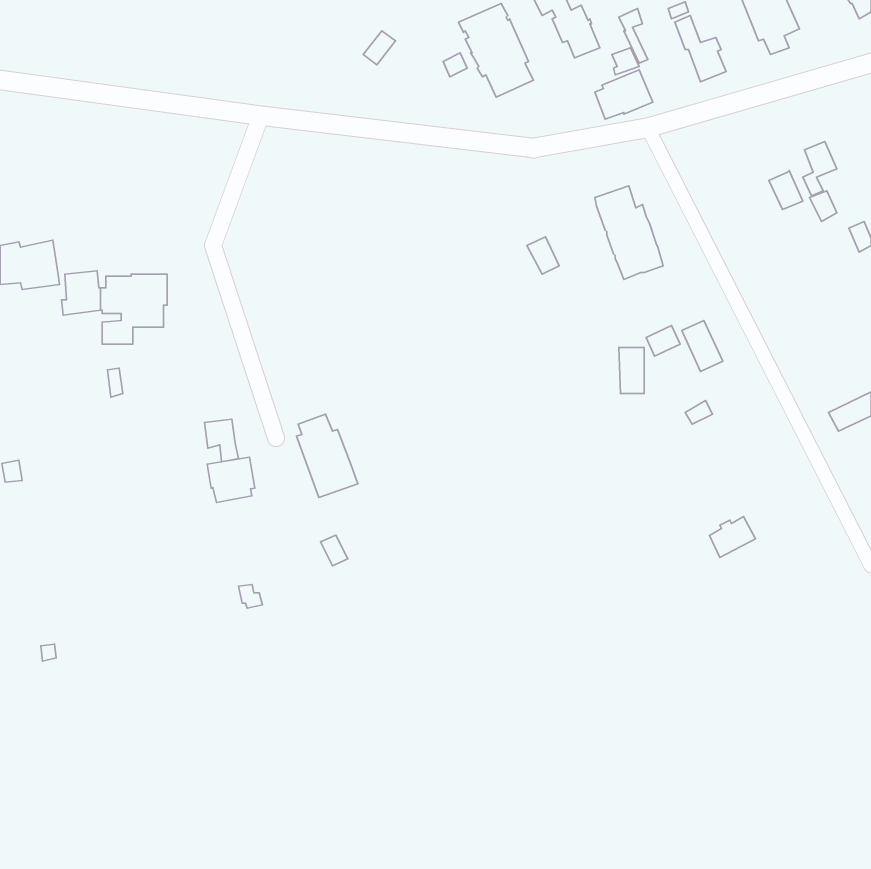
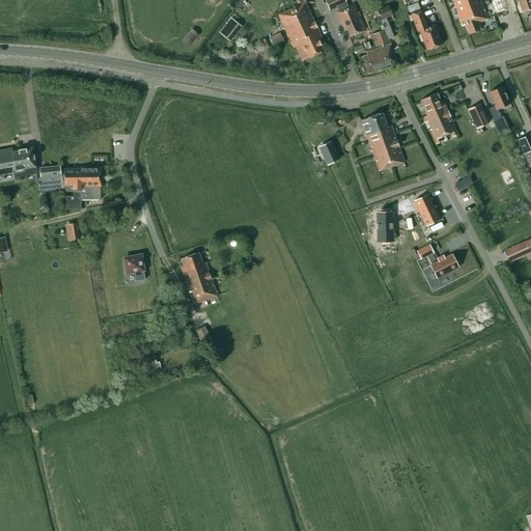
building: none -> [420,92,457,143]
building: [207,457,255,503] -> none
building: [709,517,756,557] -> [430,253,458,278]

